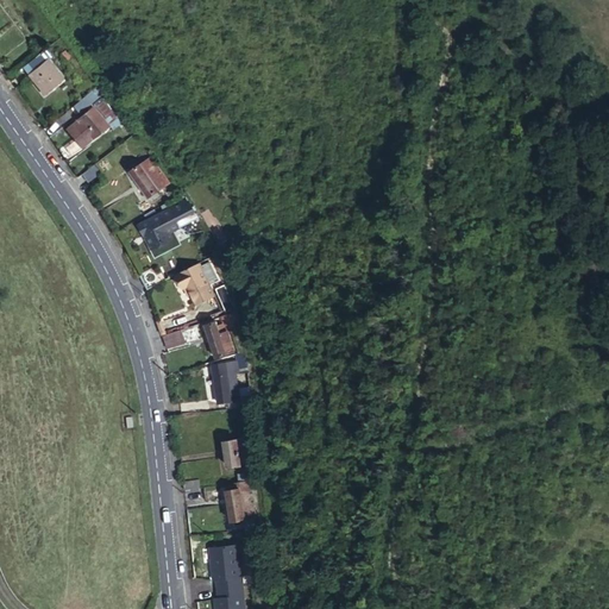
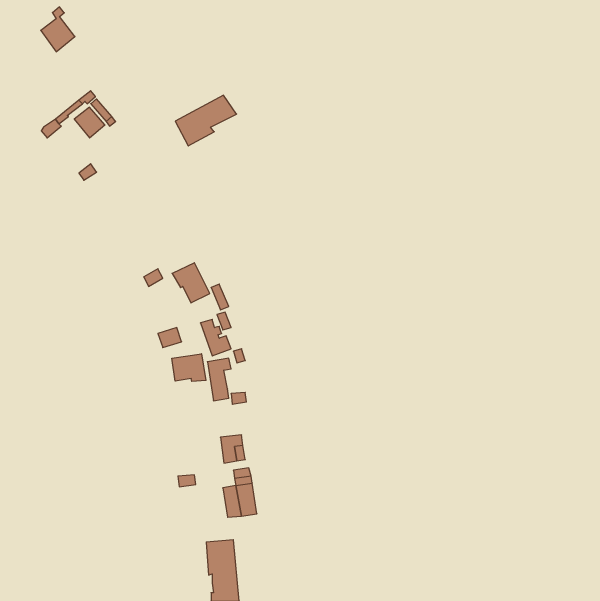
building: [26,51,61,96] -> [41,7,75,52]
building: [130,158,169,197] -> none
building: [137,201,199,252] -> [175,95,237,146]
building: none -> [172,354,206,381]

